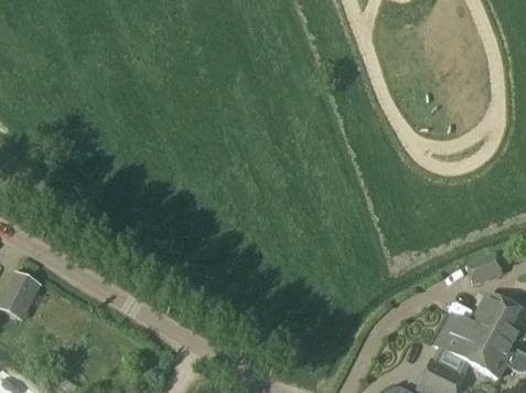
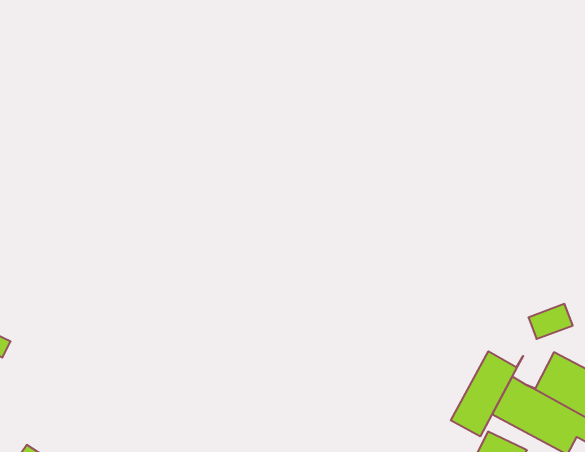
building: none -> [451,351,523,436]

